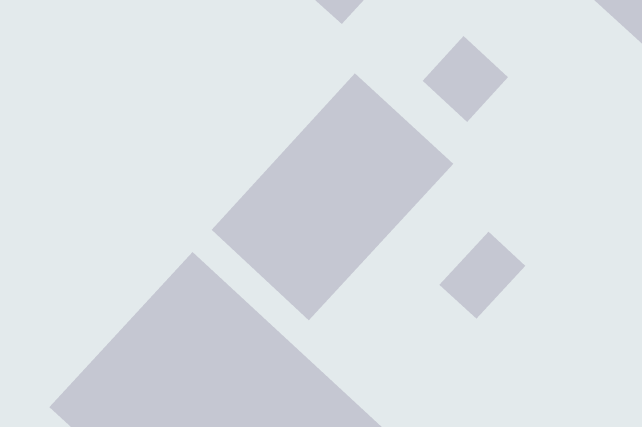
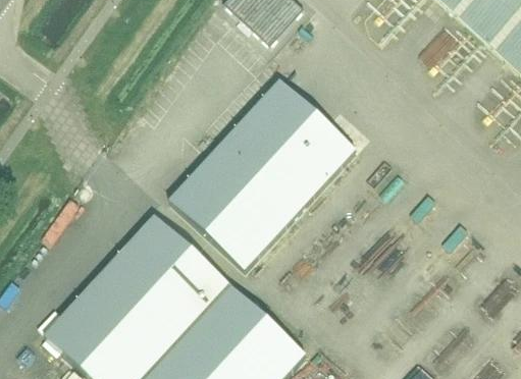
building: [422,35,509,123] -> none
building: [439,231,526,320] -> none

